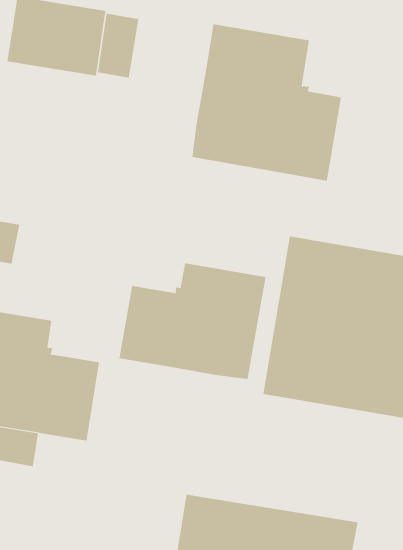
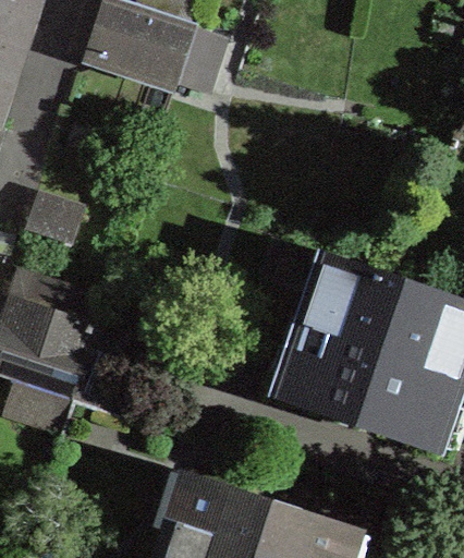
building: [192,23,342,181] -> none
building: [119,262,266,380] -> none

